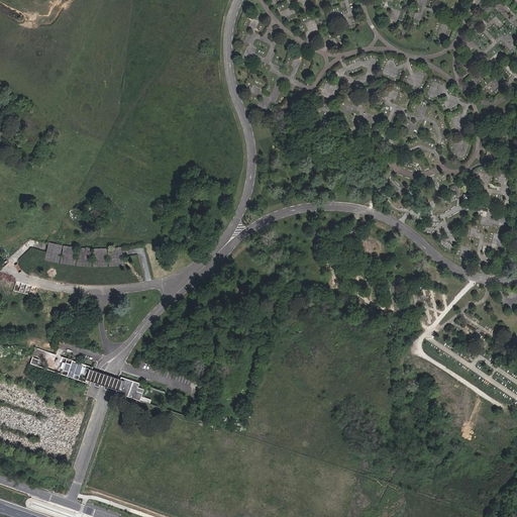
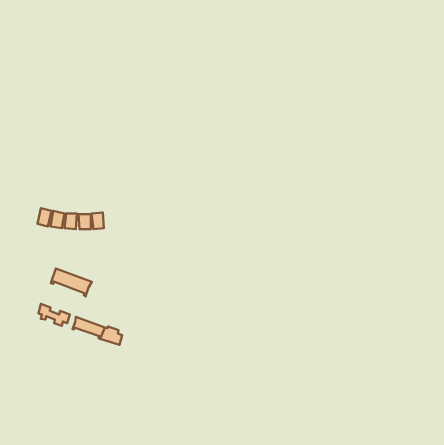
building: none -> [51,269,92,297]

